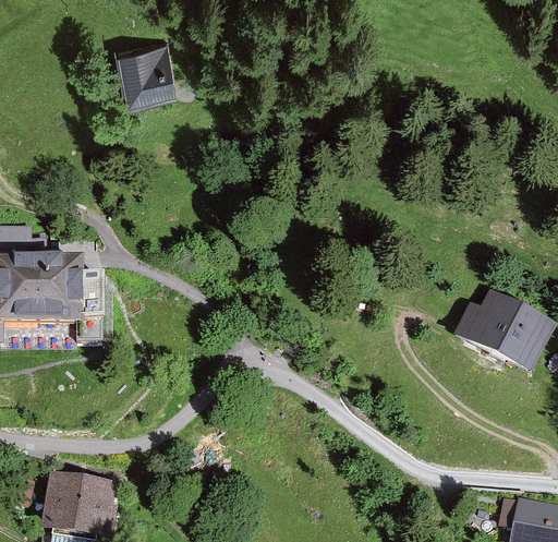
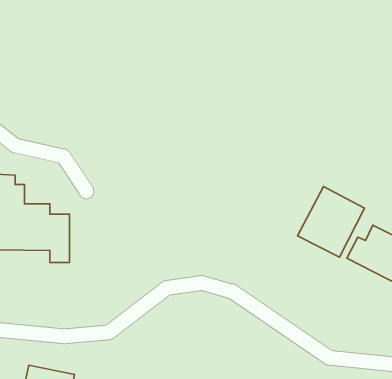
building: [122,41,180,94] -> none
building: none -> [297,187,364,257]

